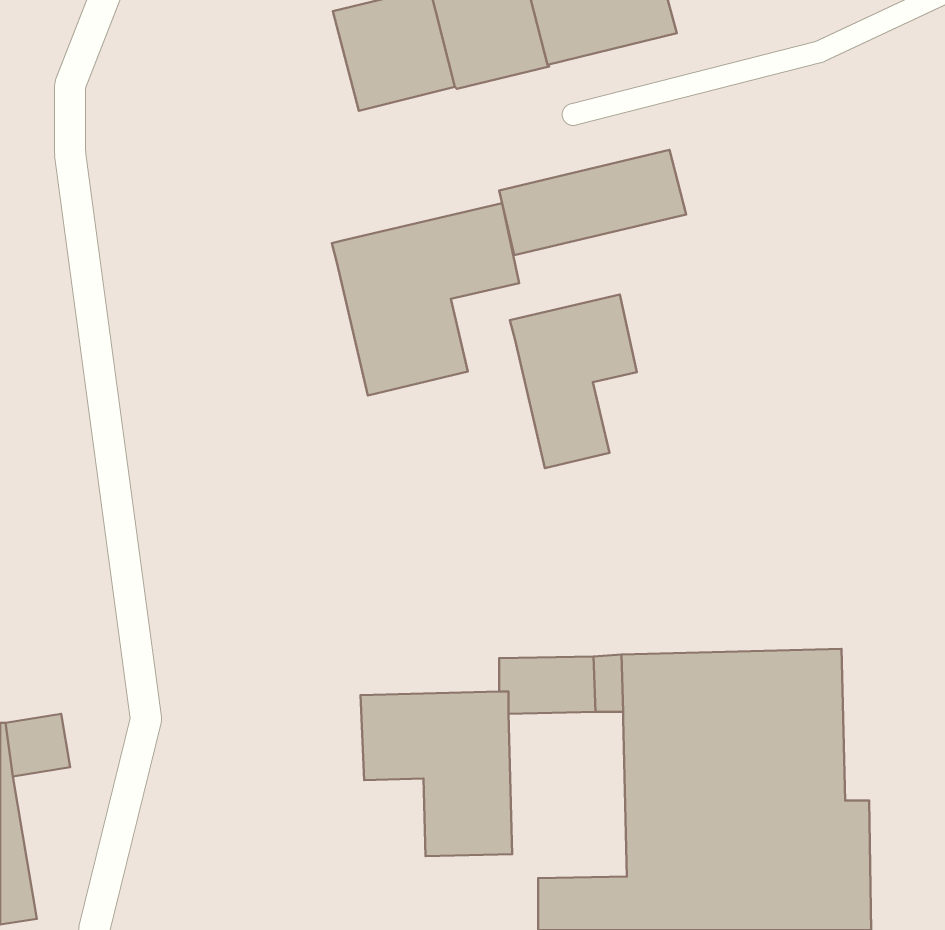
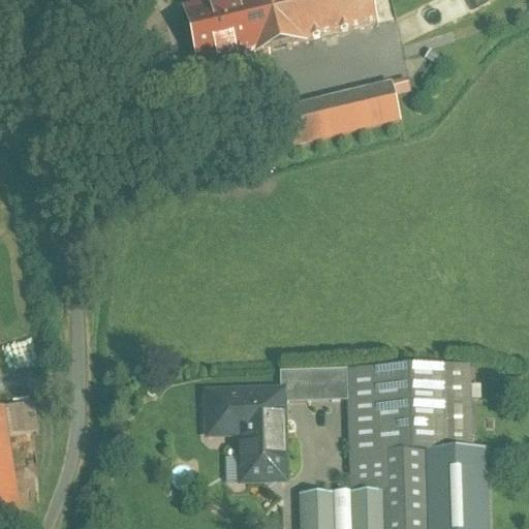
building: none -> [374,80,401,120]
building: [332,203,519,395] -> none
building: [510,295,637,468] -> none

